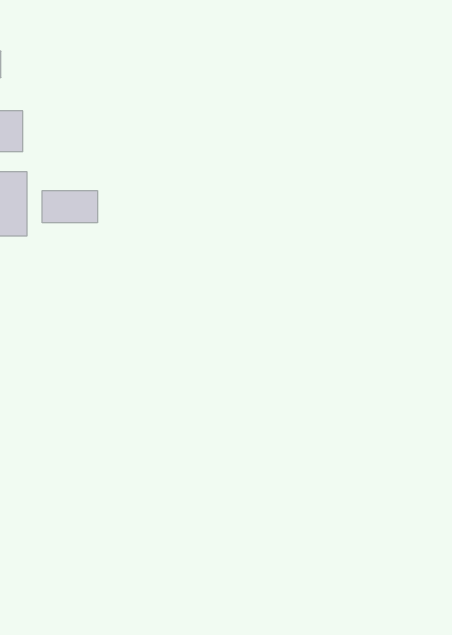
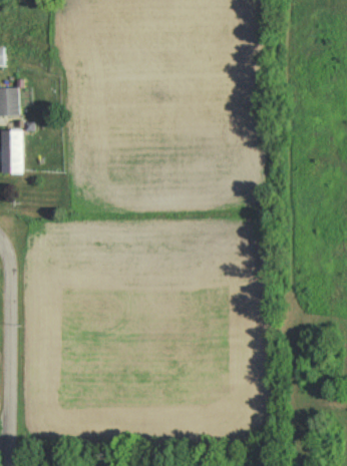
building: [42,191,97,223] -> none

